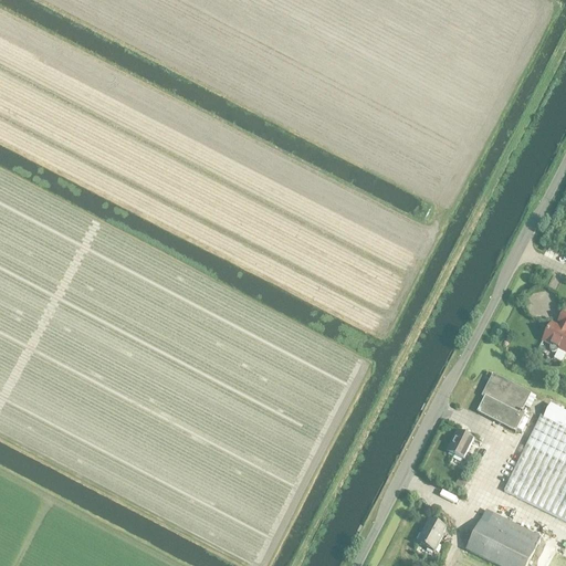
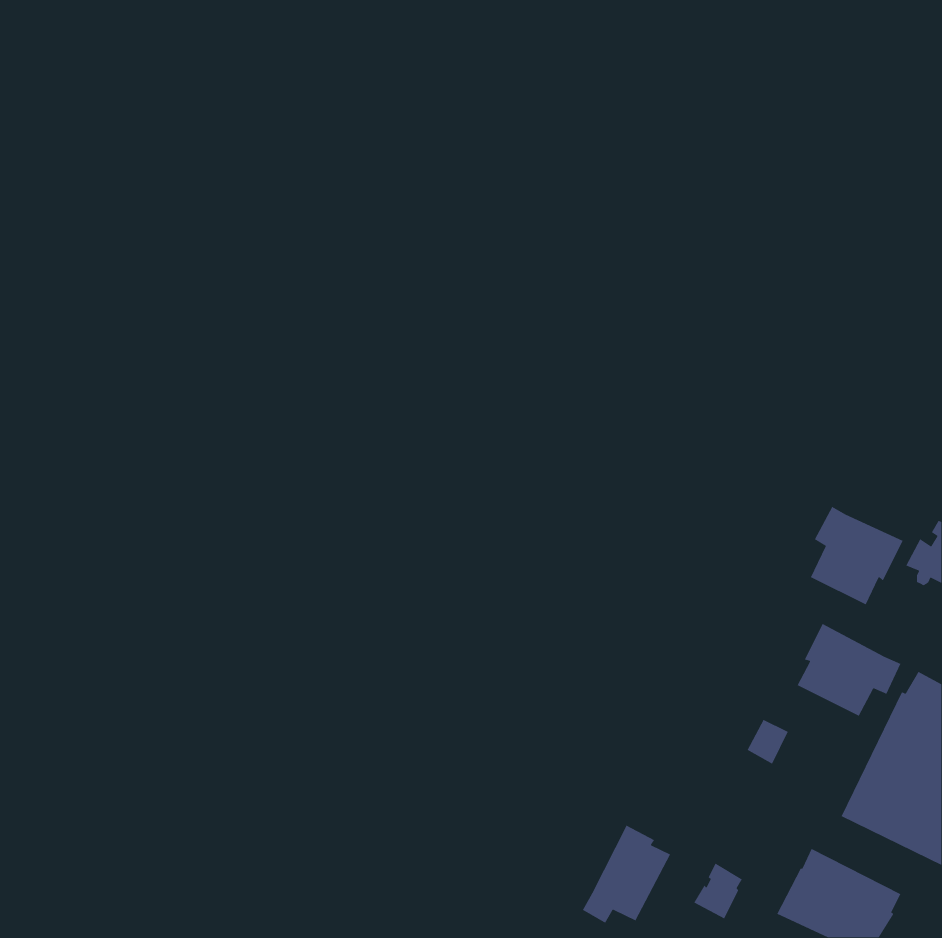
building: none -> [810,506,904,606]
building: none -> [582,824,671,924]

